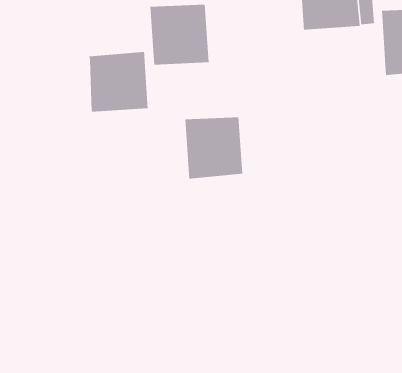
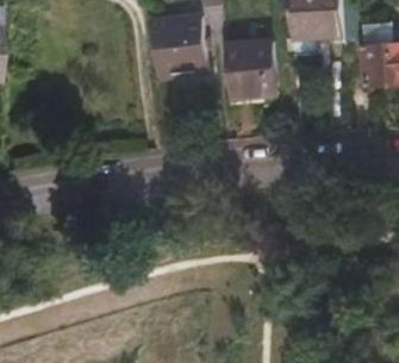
building: [89,51,148,112] -> none
building: [185,117,243,179] -> [220,38,274,95]

